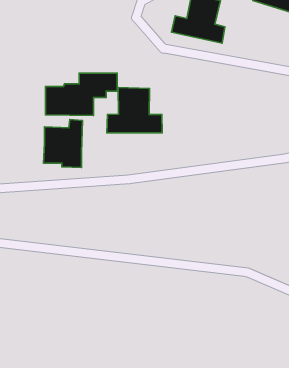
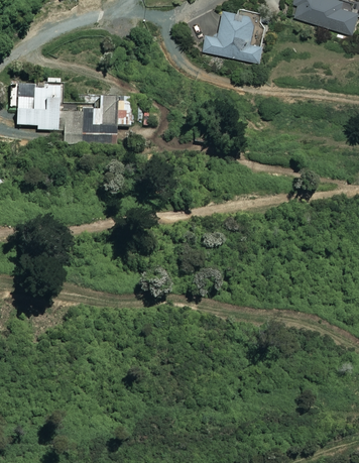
building: [107,88,162,133] -> none
building: [44,120,83,168] -> [16,76,59,129]

